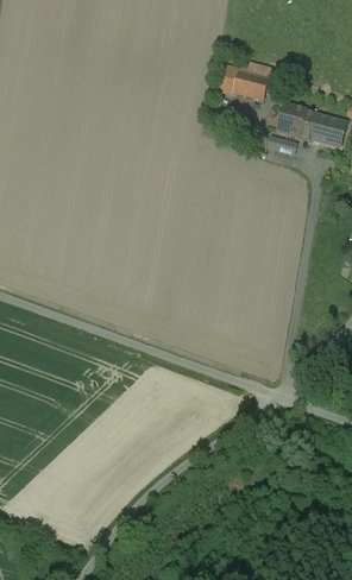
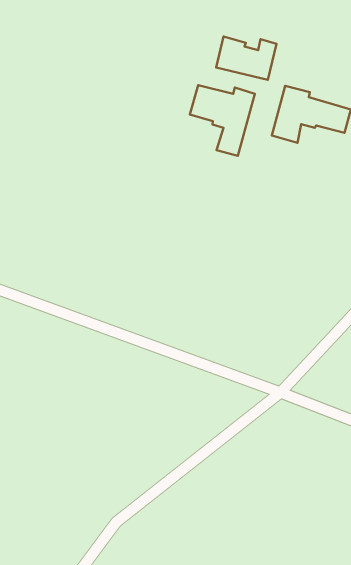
building: none -> [190,85,255,156]

